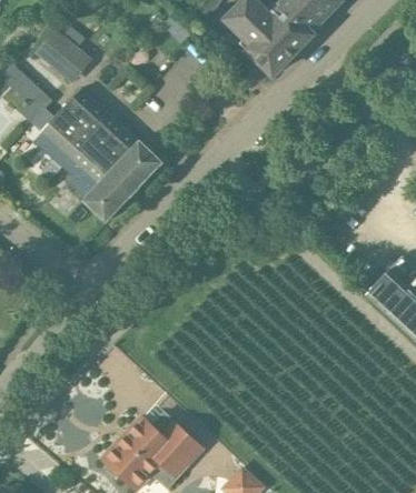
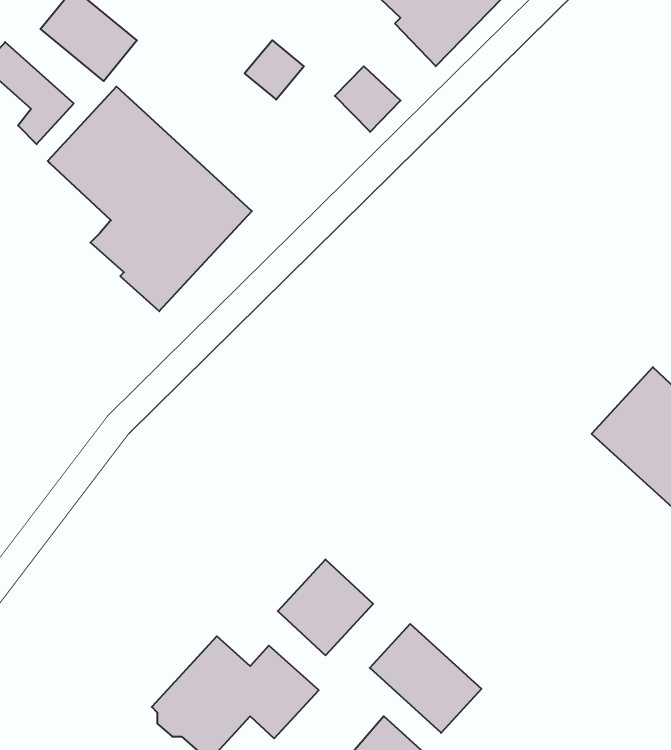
building: none -> [335,66,401,132]
building: none -> [278,559,373,655]
building: none -> [370,624,481,733]

